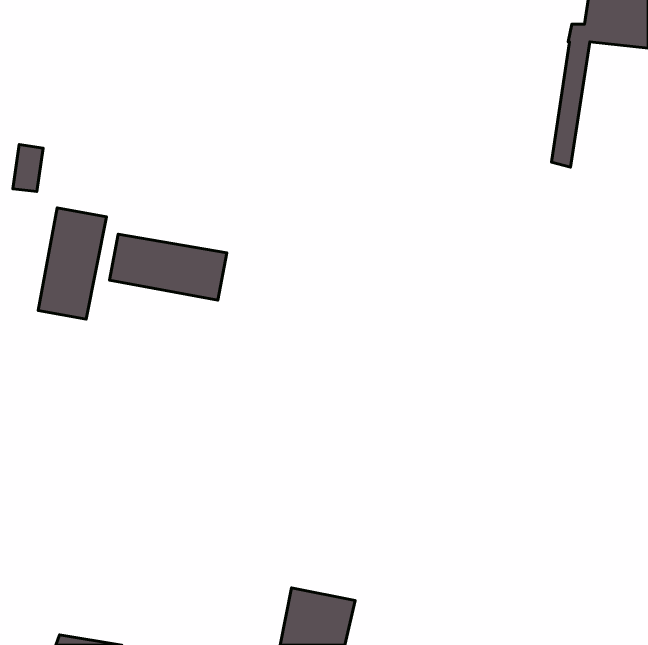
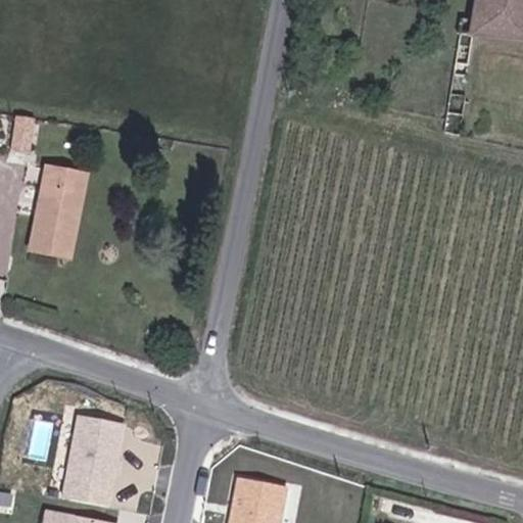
building: [110,234,227,300] -> none
building: none -> [68,416,125,506]

